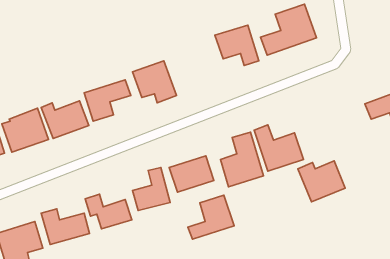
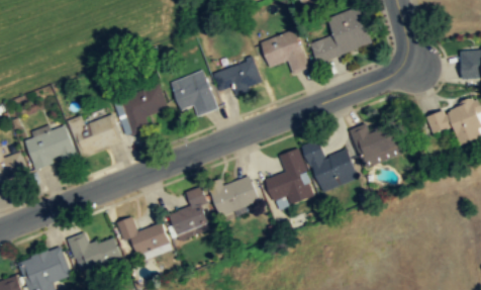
building: none -> [212,58,262,94]
building: [298,161,345,202] -> [350,121,402,167]
building: [188,195,234,239] -> none

